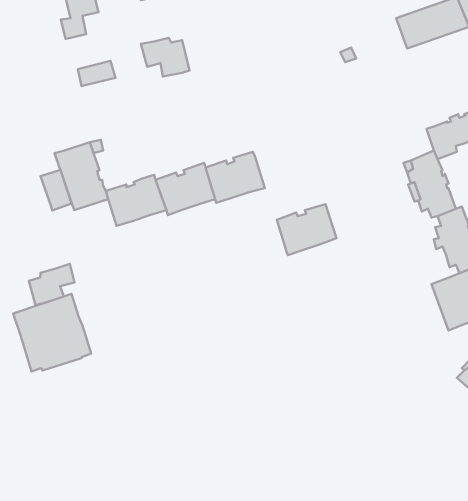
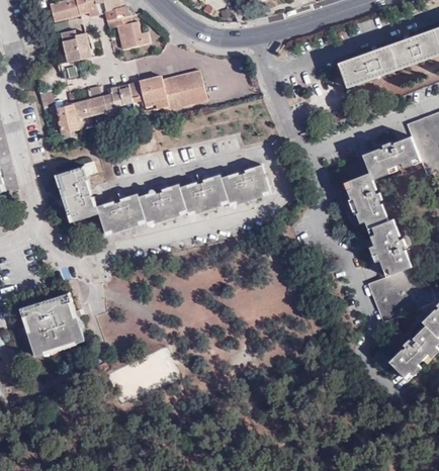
building: none -> [160,71,204,110]
building: none -> [100,83,130,124]
building: none -> [57,104,79,132]
building: [41,170,71,211] -> none
building: [277,204,336,255] -> [221,164,270,206]
building: [29,264,74,305] -> none

